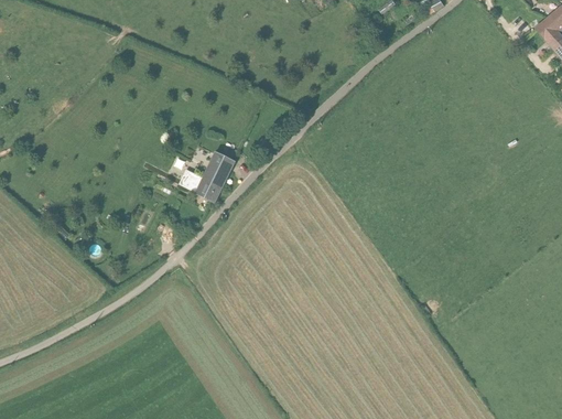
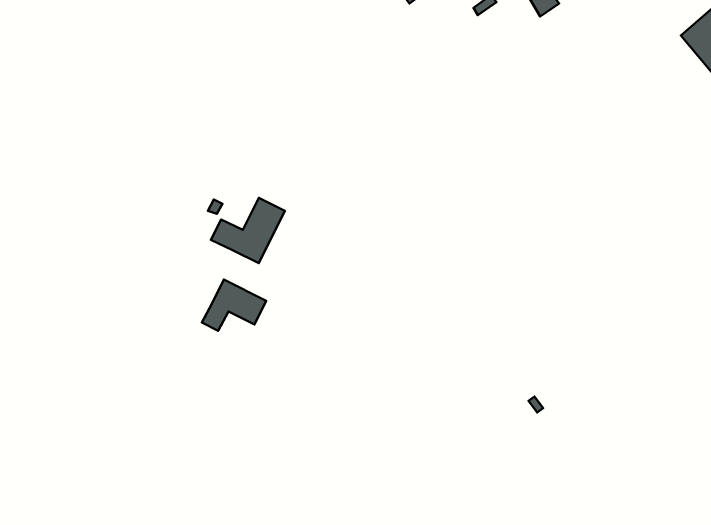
building: none -> [202,280,266,331]

